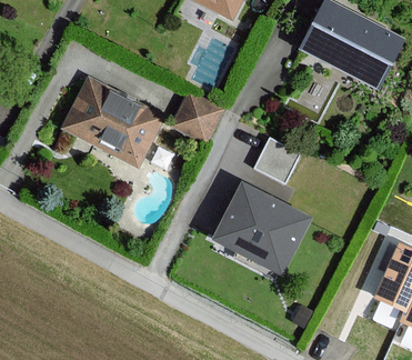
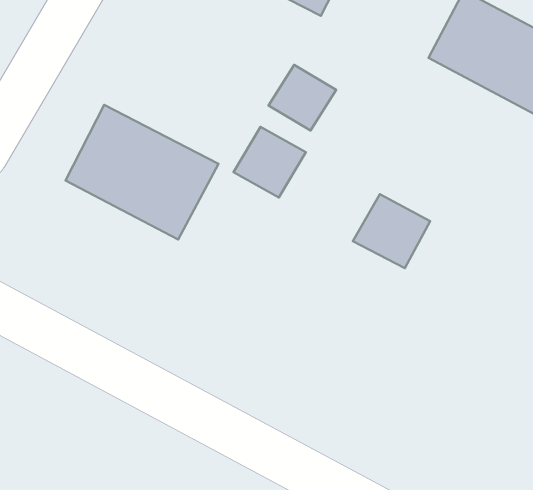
building: none -> [269,65,336,130]
building: [209,182,310,278] -> none

